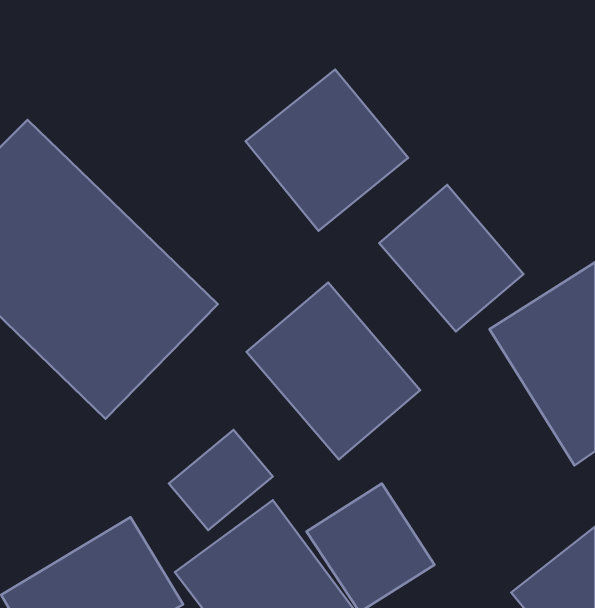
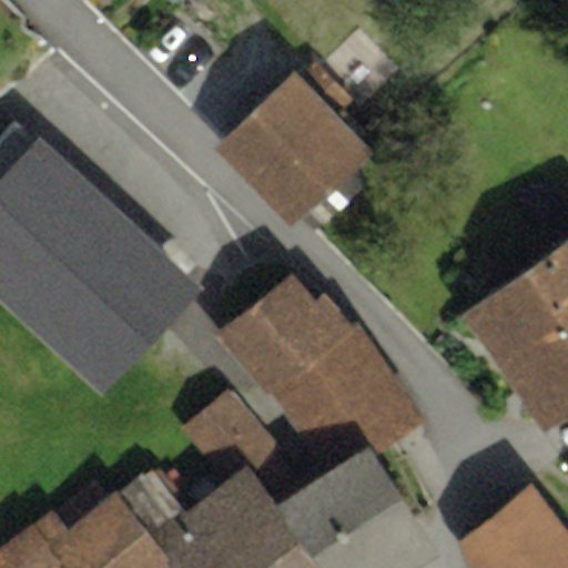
building: [379,185,524,331] -> none

